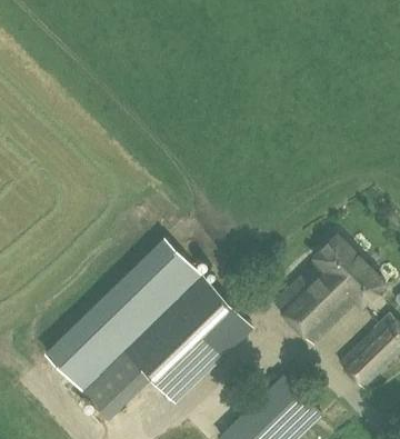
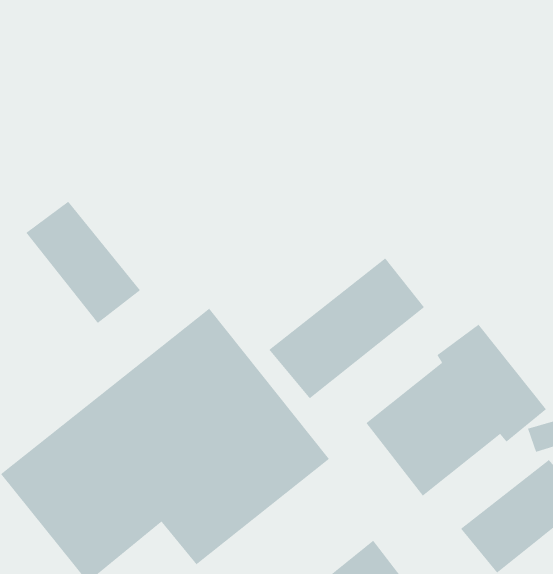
building: none -> [25,201,141,324]
building: none -> [269,258,425,399]

